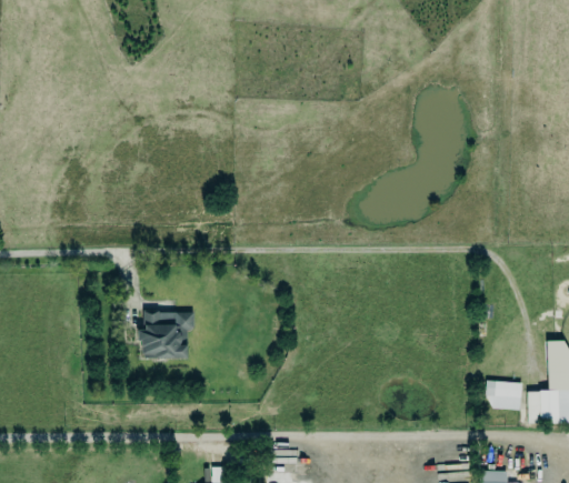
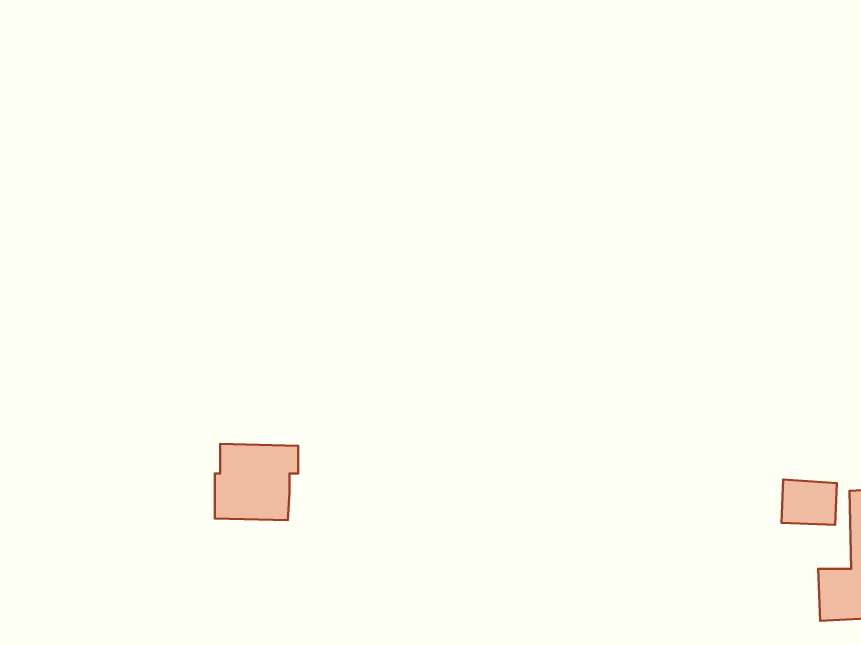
building: [487,380,522,409] -> [781,480,837,525]

